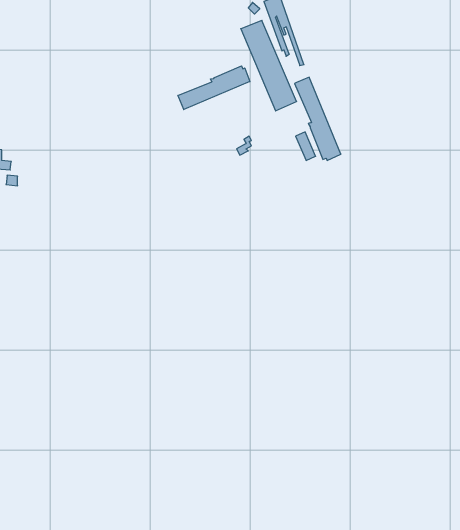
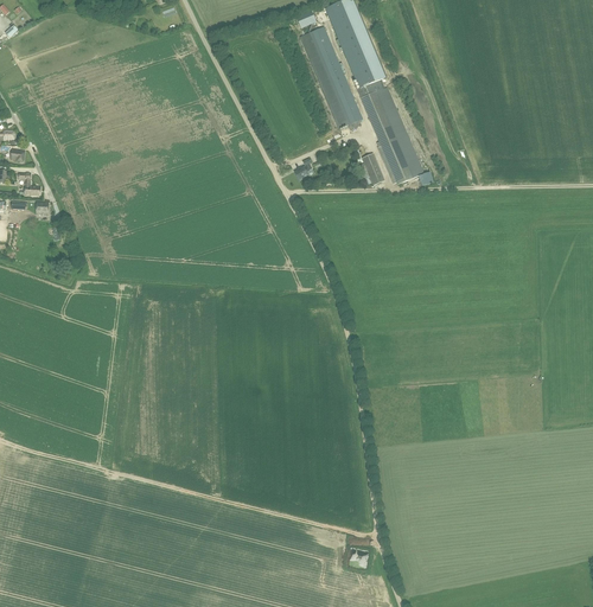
building: [178,66,250,110] -> none

